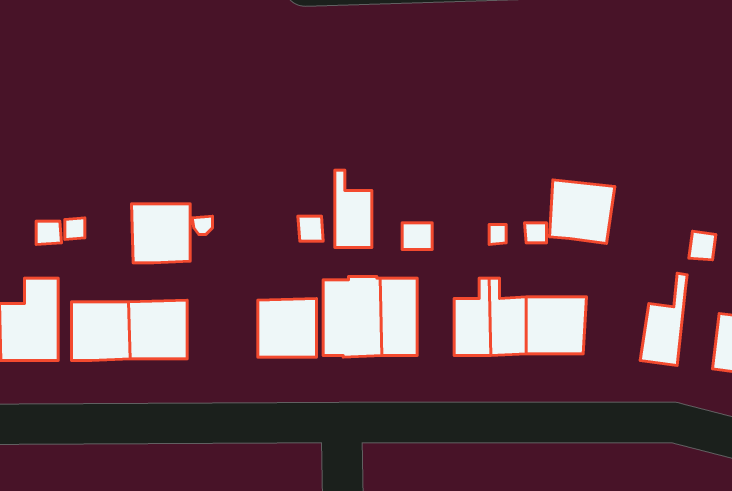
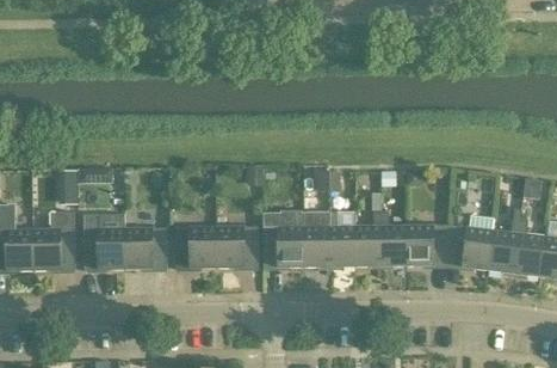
building: [335,170,372,248] -> [329,211,355,266]
building: [549,180,615,244] -> [447,225,494,270]
building: [132,204,190,263] -> [174,227,216,269]
building: none -> [514,219,544,276]

